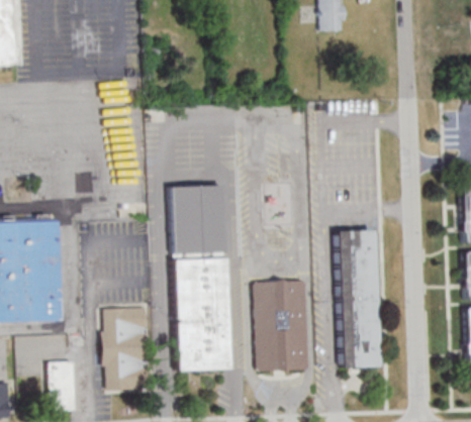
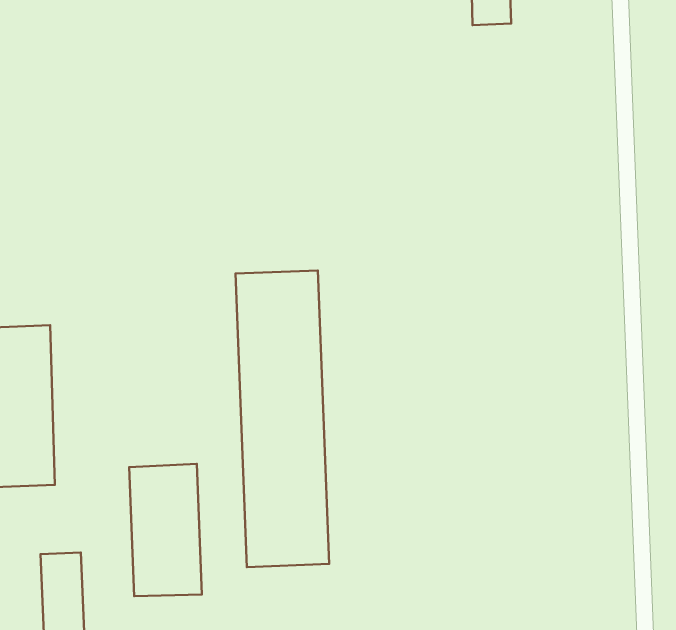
building: [338,230,381,368] -> none
building: [256,281,310,372] -> none

